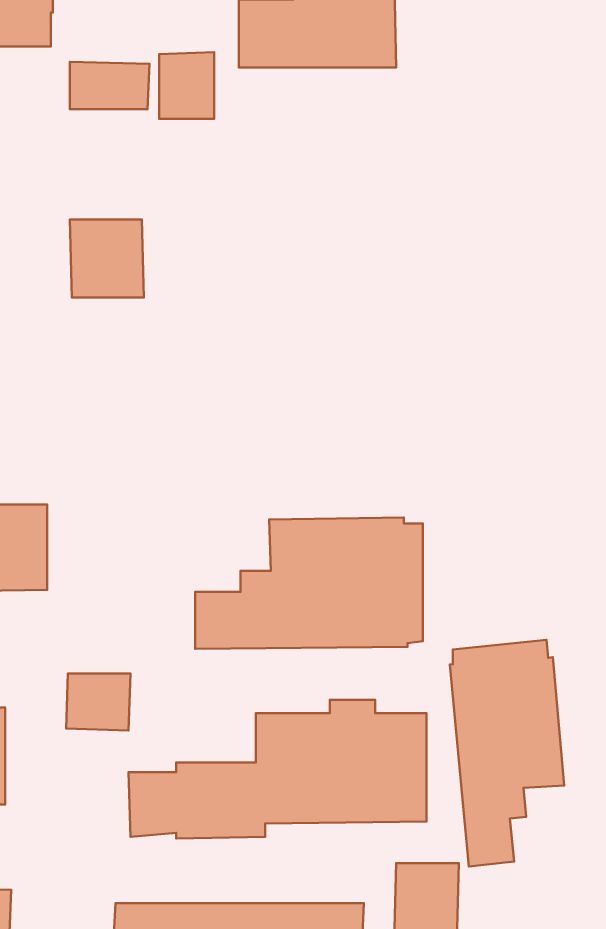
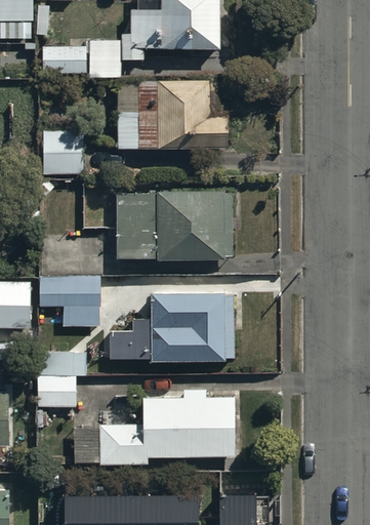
building: none -> [115,82,217,150]
building: none -> [117,192,230,266]
building: none -> [41,274,98,326]
building: [450,640,564,866] -> none

